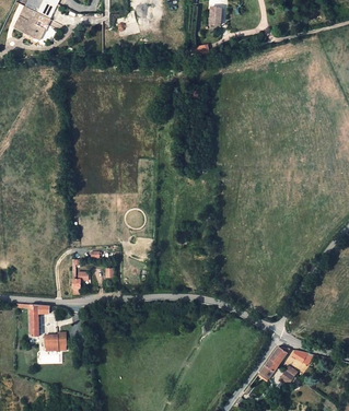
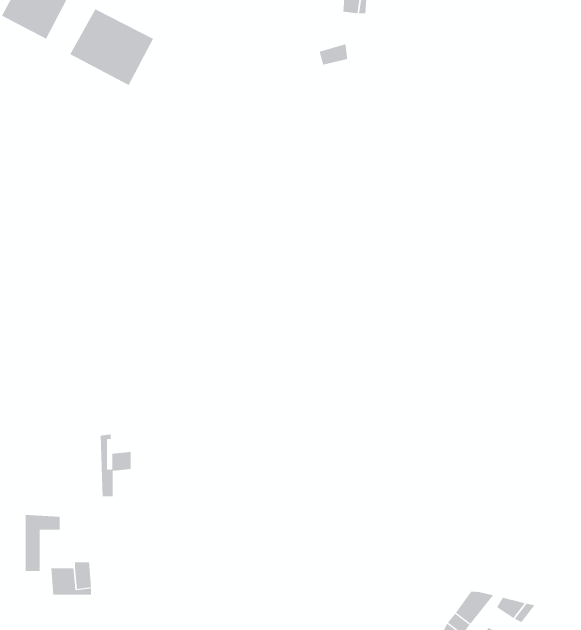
building: none -> [70,9,154,86]

